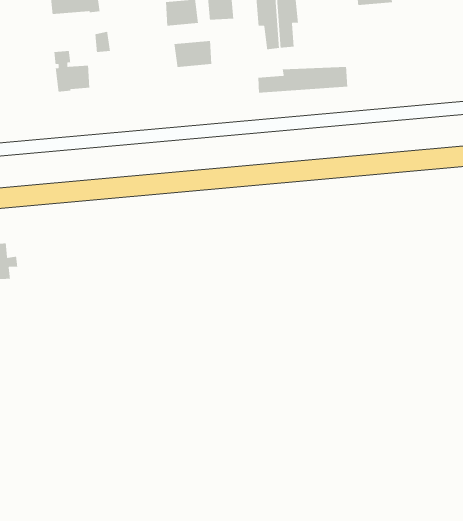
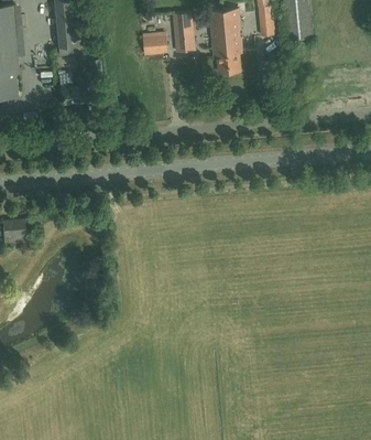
building: [174,40,212,68] -> none
building: [257,66,348,94] -> none

